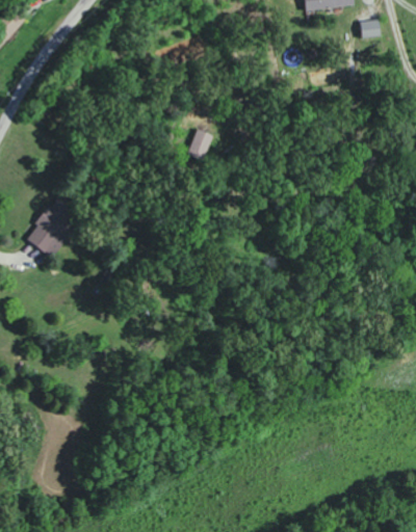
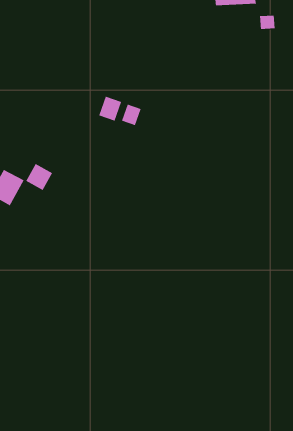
building: none -> [99,96,122,121]
building: none -> [25,163,53,191]

